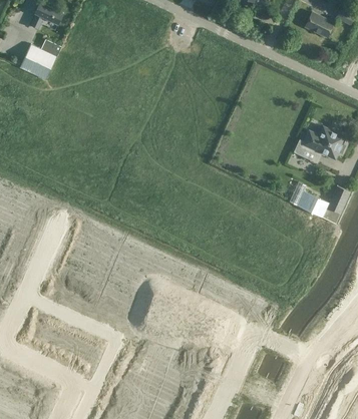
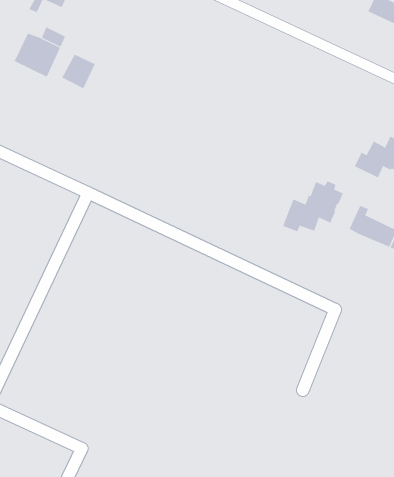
building: none -> [61,54,96,89]
building: none -> [282,180,344,232]

